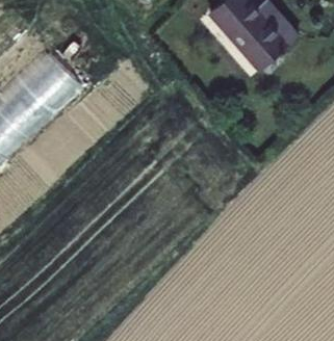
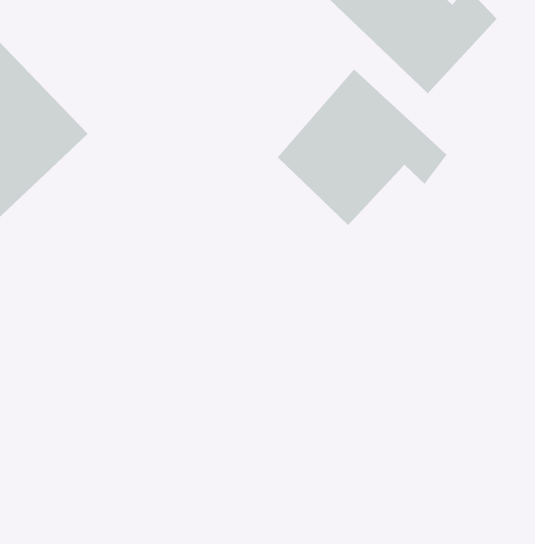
building: none -> [277,69,447,226]

